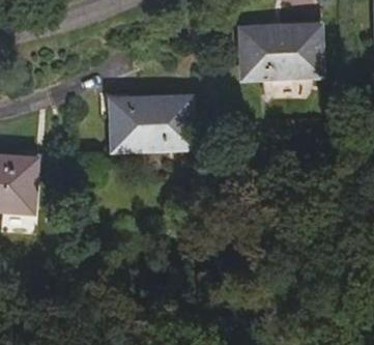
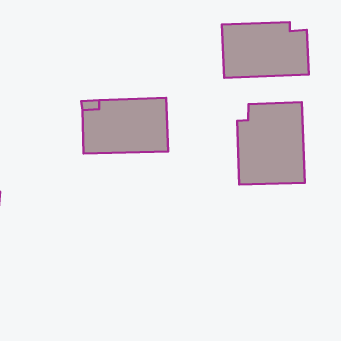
building: none -> [237,102,305,185]

